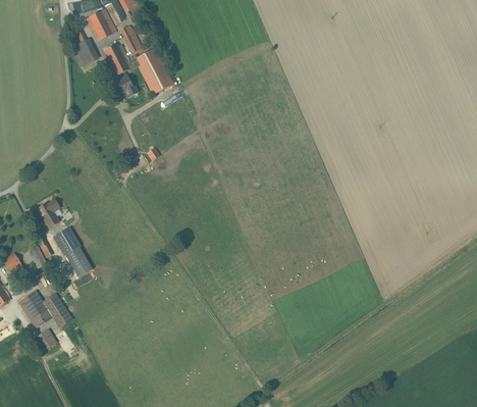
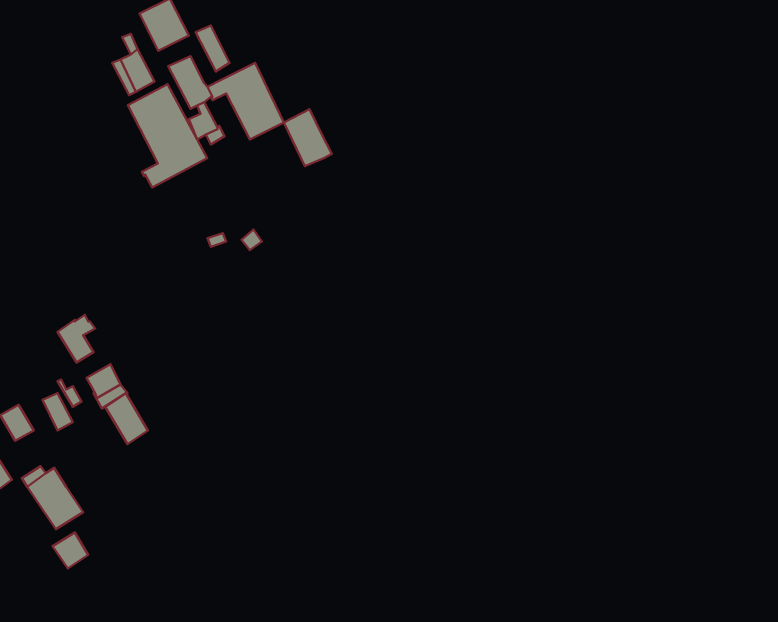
building: none -> [128,84,207,187]
building: none -> [284,109,332,166]
building: [43,294,72,327] -> none

